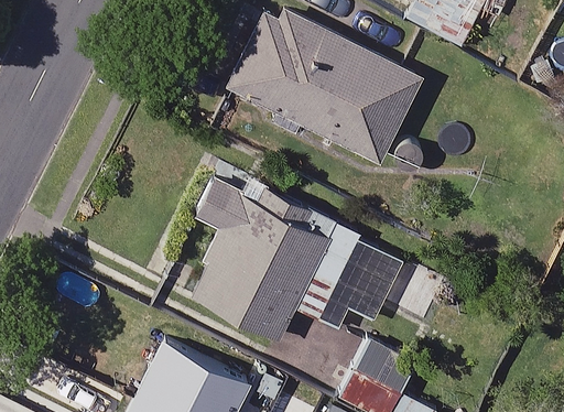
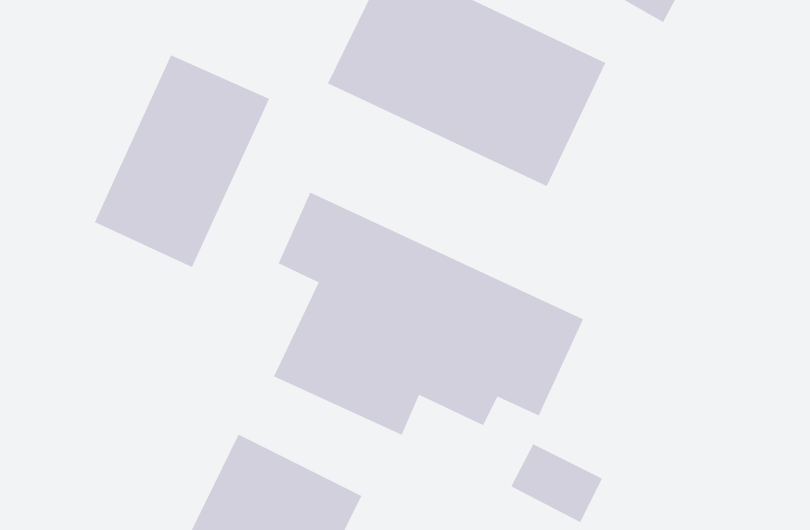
building: none -> [94,55,270,268]

